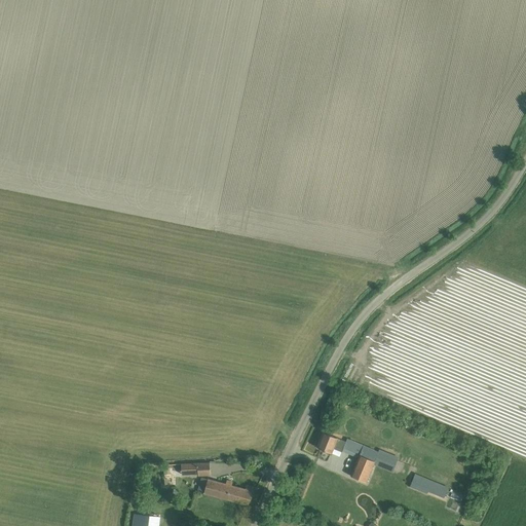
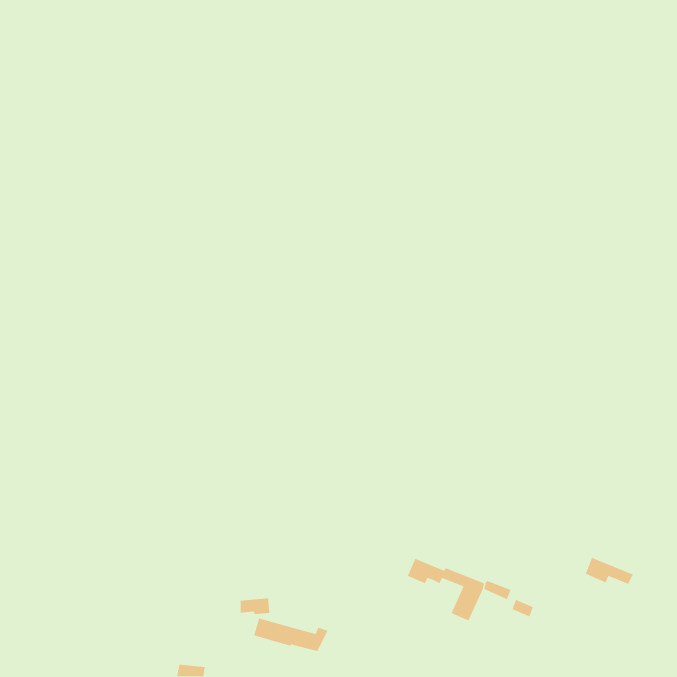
building: [410,474,448,495] -> [585,557,634,585]

